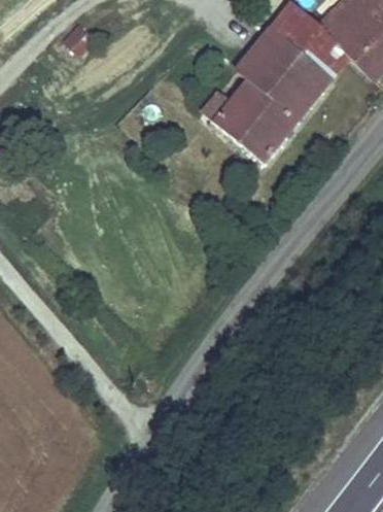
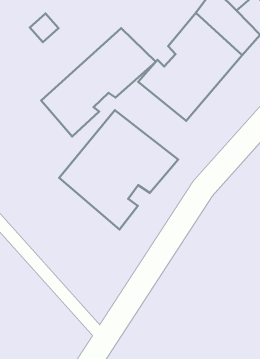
building: none -> [41,28,156,136]
building: none -> [59,110,178,229]

